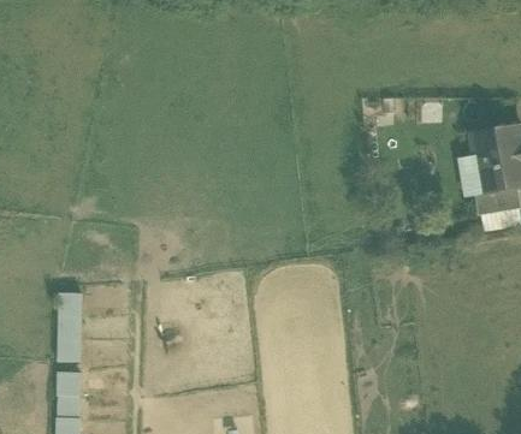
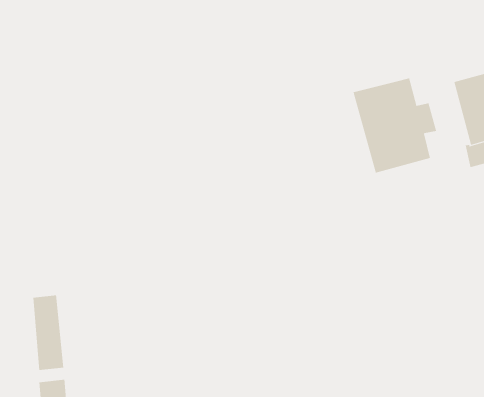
building: none -> [353,78,437,173]

